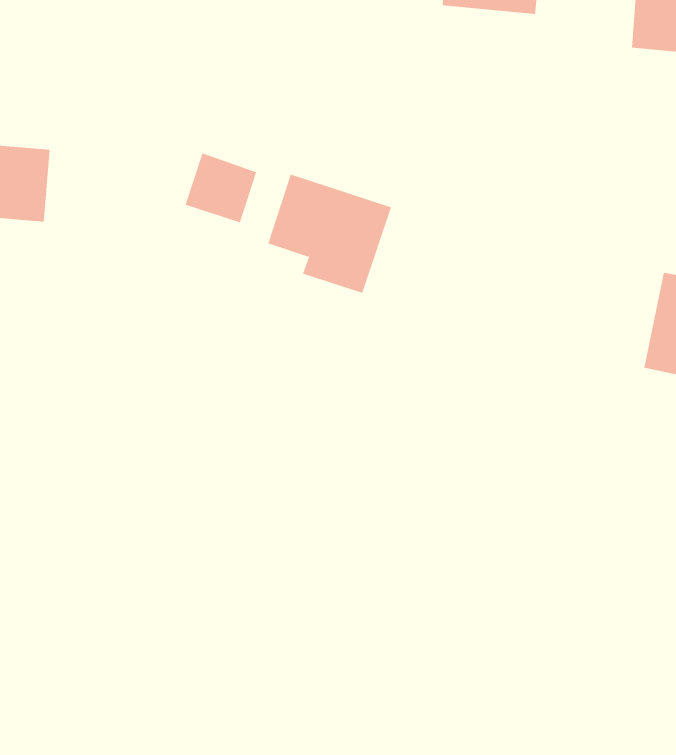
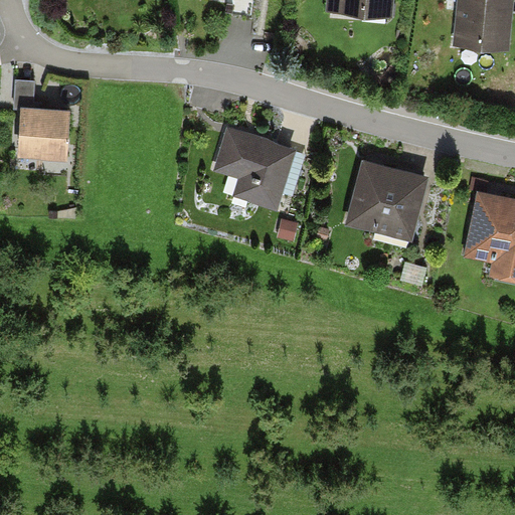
building: [185,153,257,223] -> none
building: none -> [345,160,427,240]

